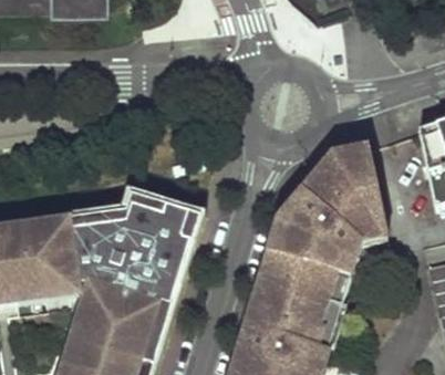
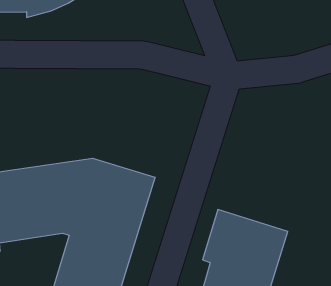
building: [268,147,385,280] -> none

